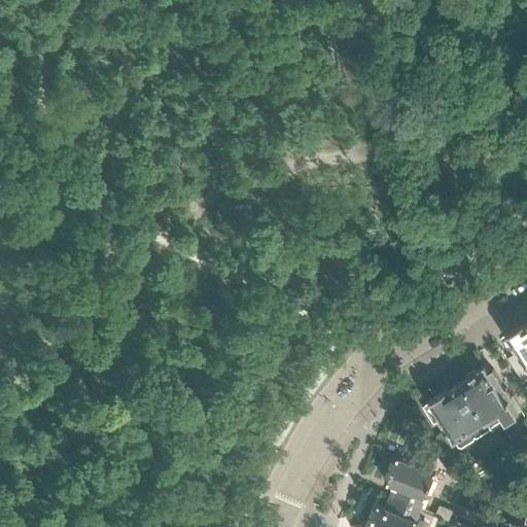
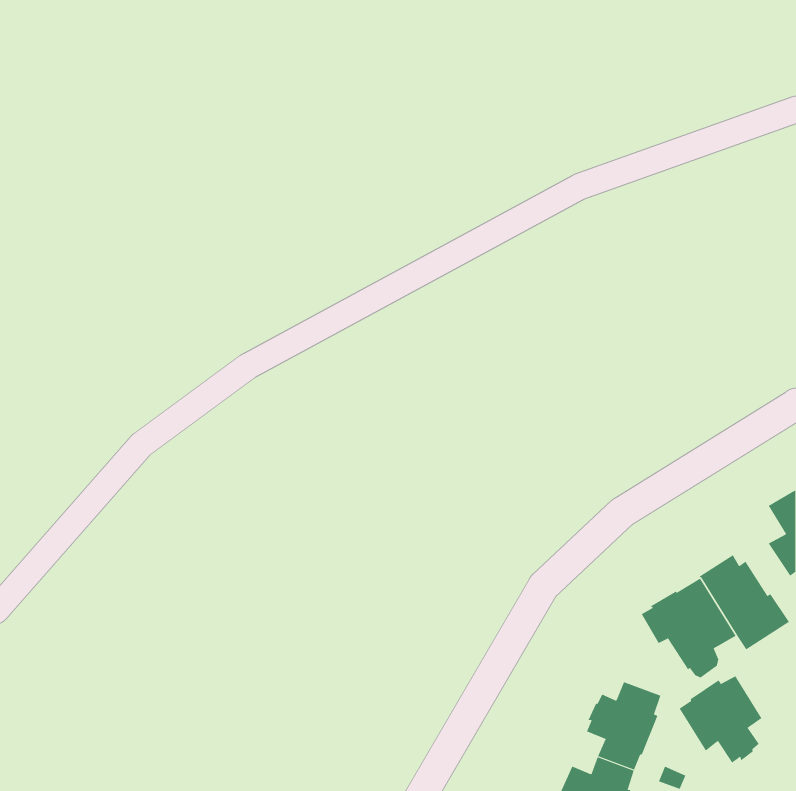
building: none -> [679,675,762,763]

